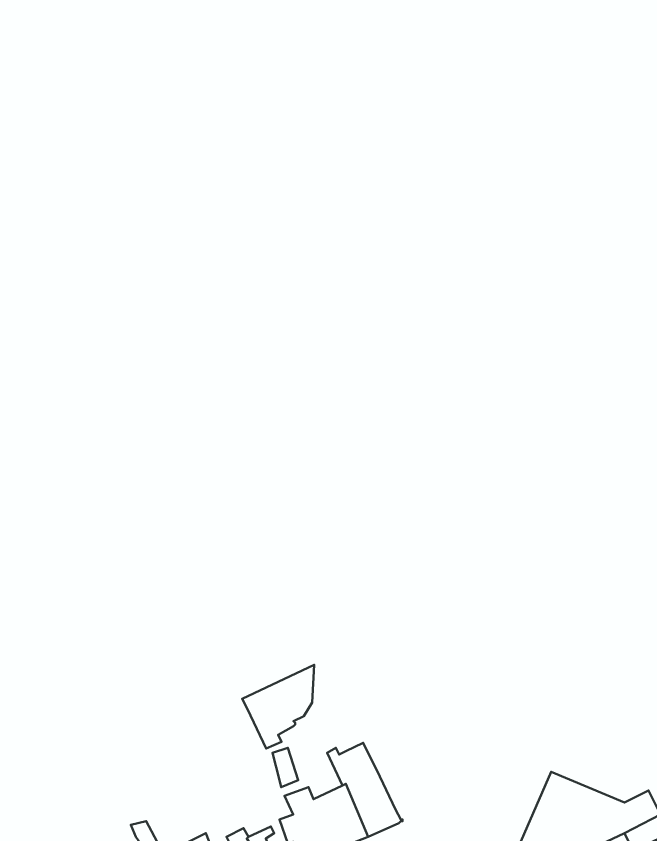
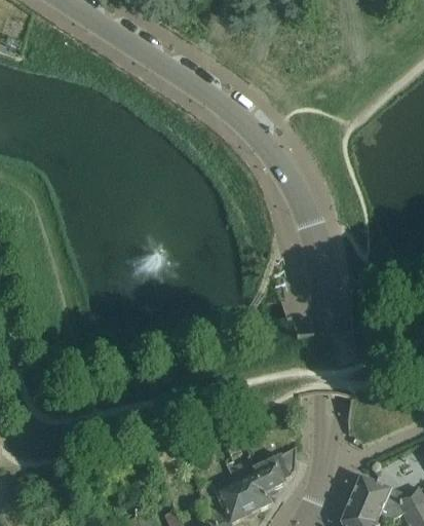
building: [242,665,314,749] -> [252,448,295,498]

